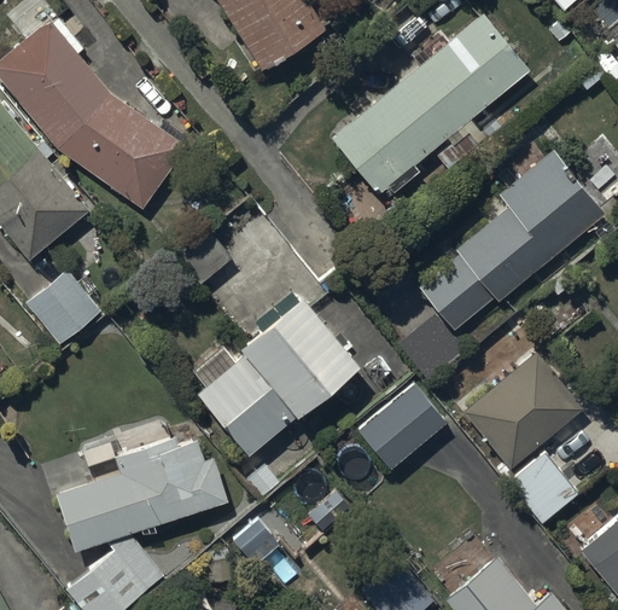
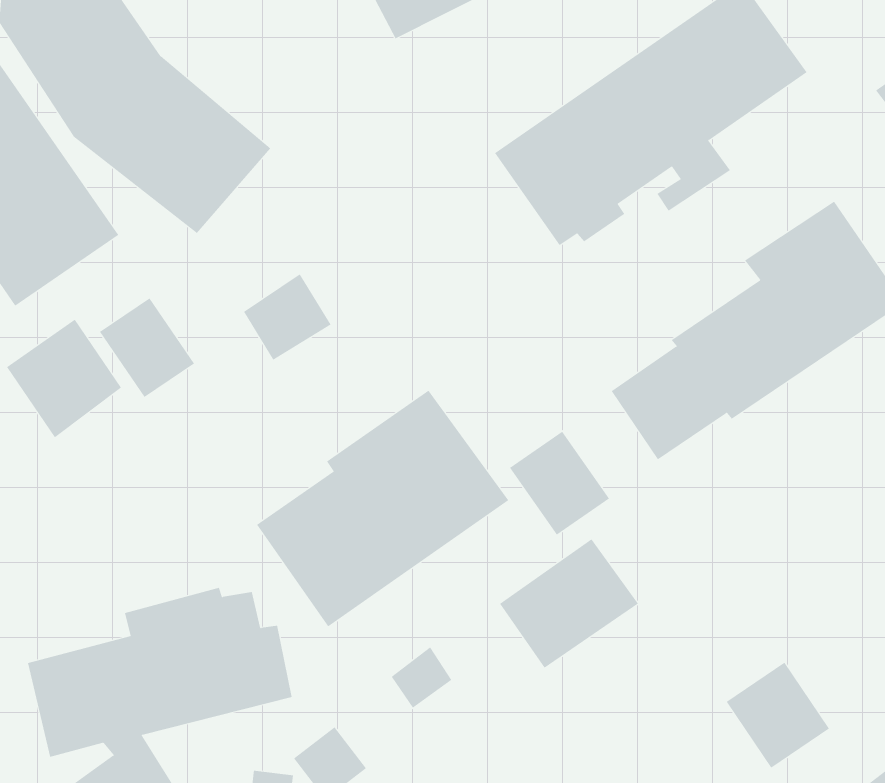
building: none -> [99,297,195,398]
building: none -> [509,431,610,536]
building: [464,352,584,469] -> none

